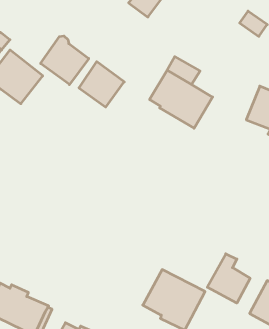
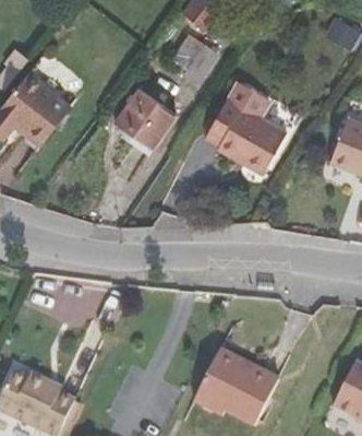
building: none -> [170,34,216,80]
building: [41,36,89,85] -> none
building: [207,254,250,303] -> none

